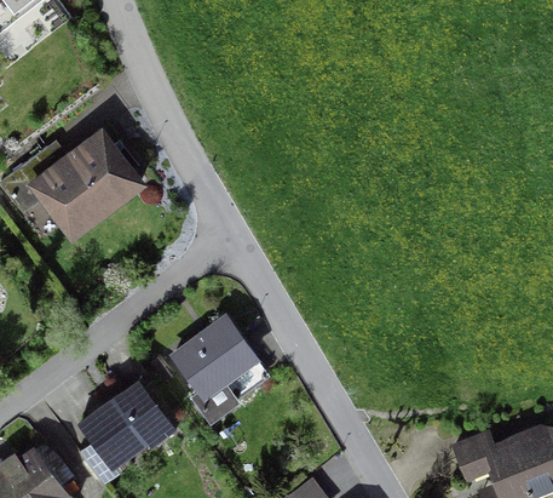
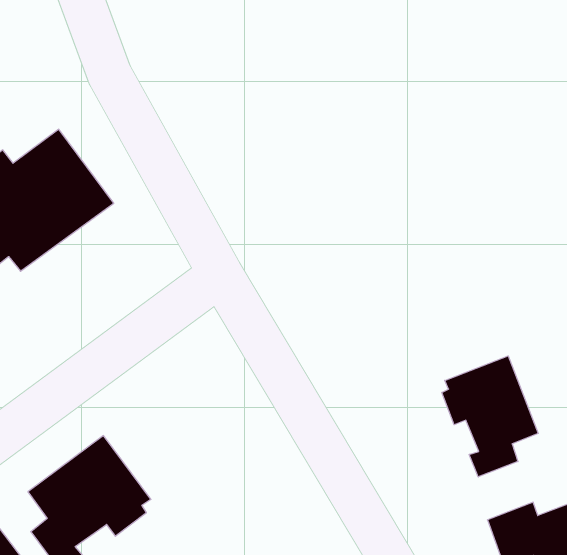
building: none -> [442,356,538,477]
building: [168,313,270,424] -> none

